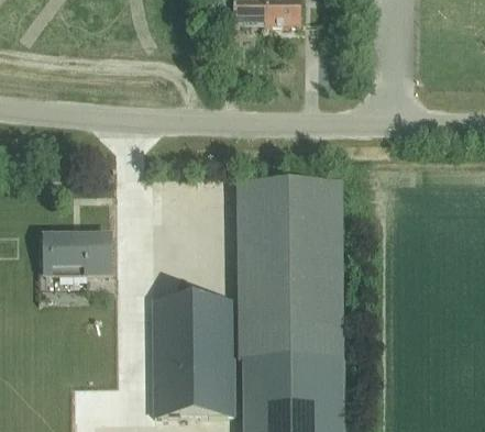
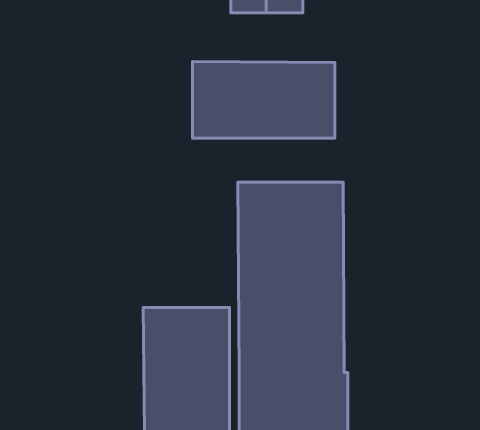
building: none -> [193,61,335,138]
building: [45,234,111,274] -> none

